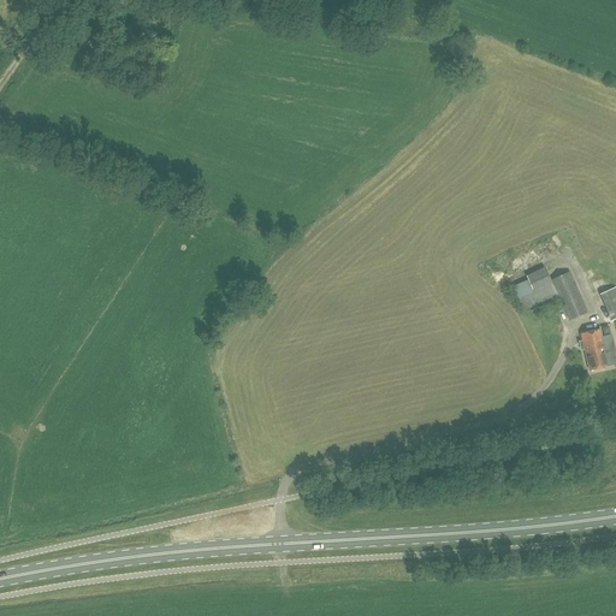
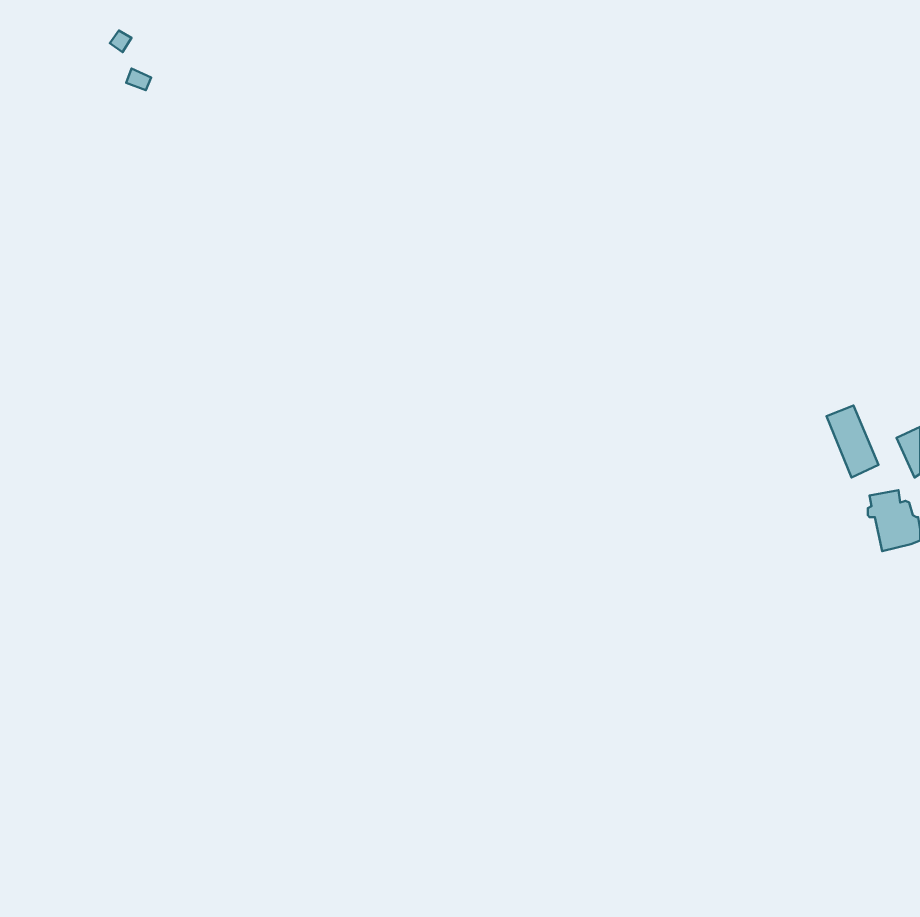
building: [514,265,557,308] -> none

